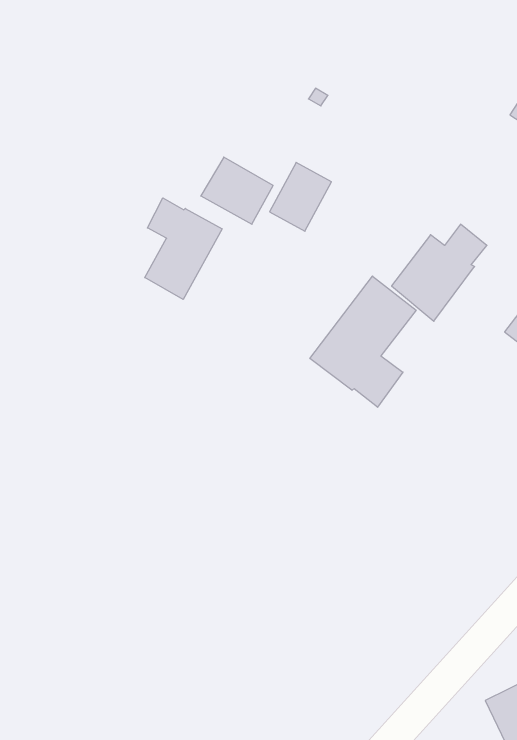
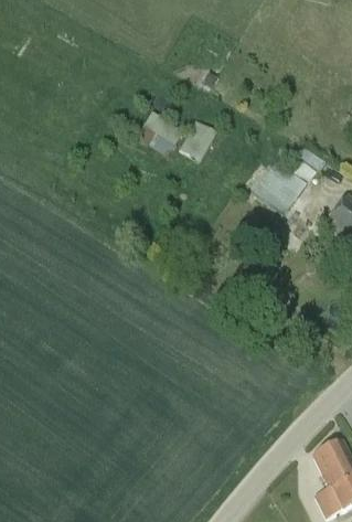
building: [145,198,222,299] -> none
building: [310,276,416,407] -> none

